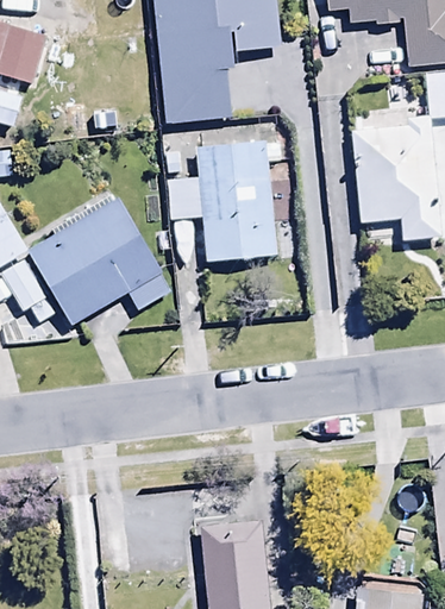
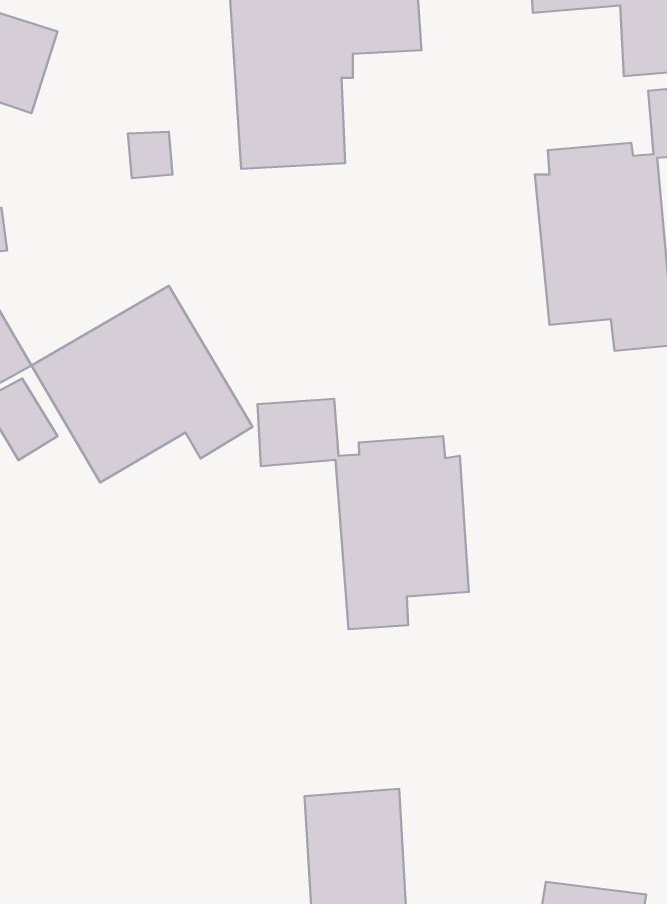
building: [164,138,293,262] -> none
building: none -> [257,399,469,629]

